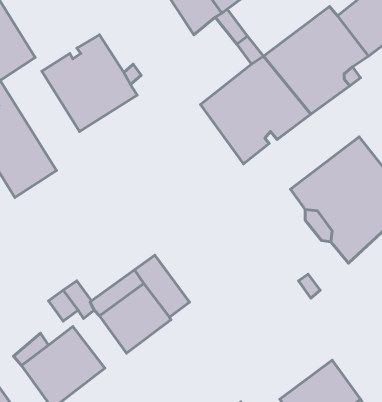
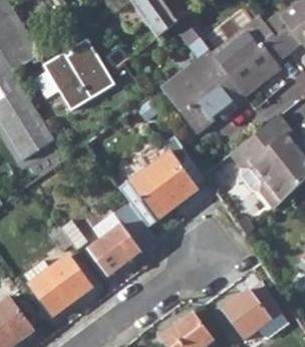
building: none -> [125,150,197,222]

